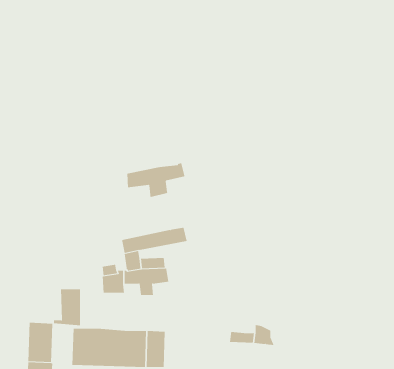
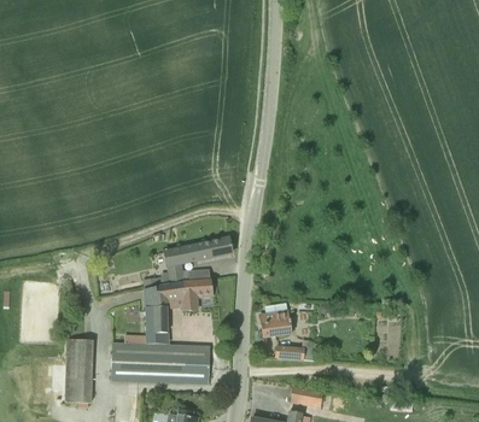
building: [127,162,185,198] -> none
building: [53,289,81,326] -> [138,306,167,345]
building: none -> [261,310,291,336]

